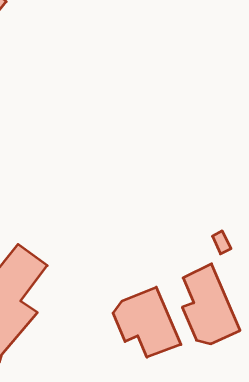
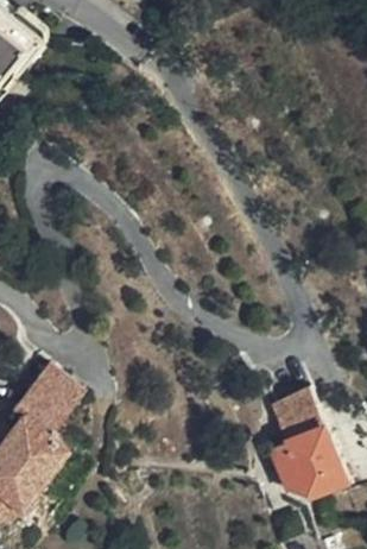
building: [113,287,181,357] -> none

